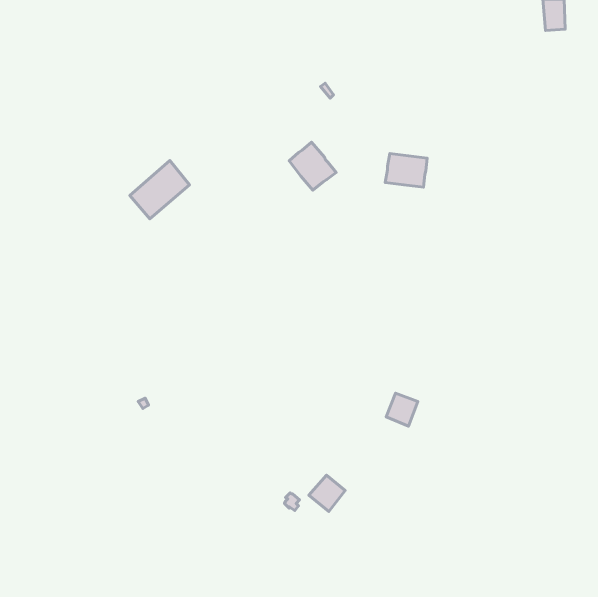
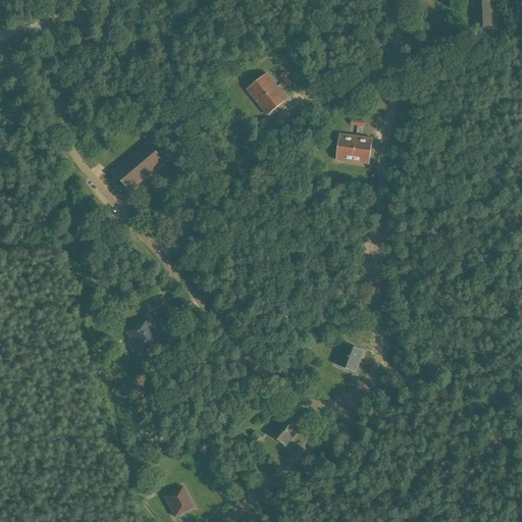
building: [289,142,336,190] -> [247,72,288,114]
building: none -> [126,316,163,353]
building: none -> [163,485,194,516]

